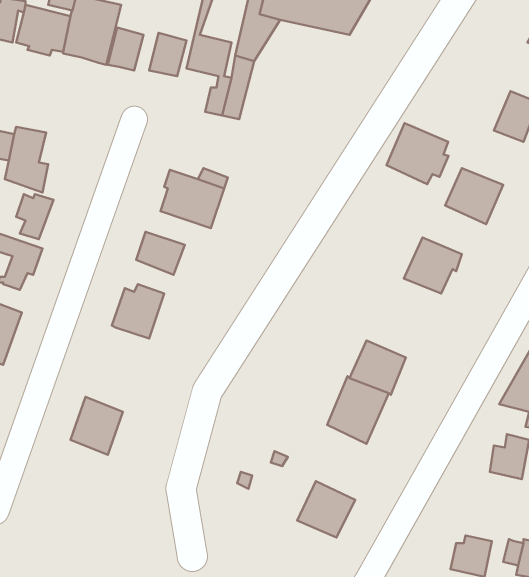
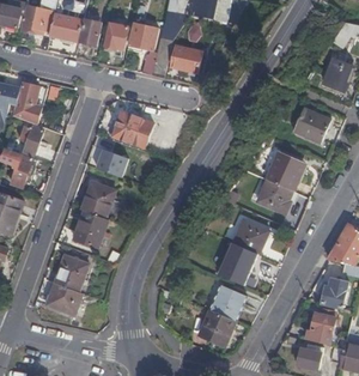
building: none -> [170,47,200,72]
building: [386,123,448,184] -> none
building: none -> [257,180,292,212]
building: none -> [73,211,107,247]
building: none -> [45,283,81,315]
building: none -> [211,285,247,321]
building: none -> [306,310,335,345]

